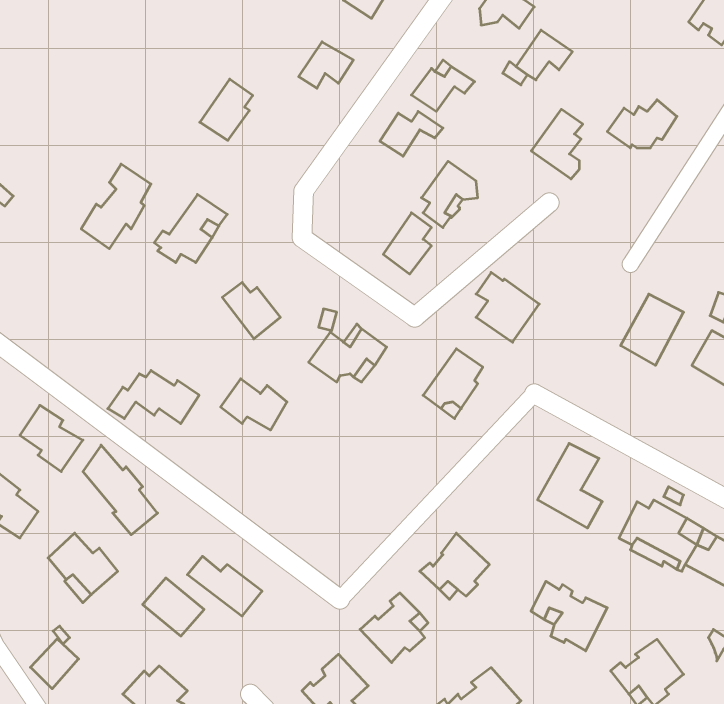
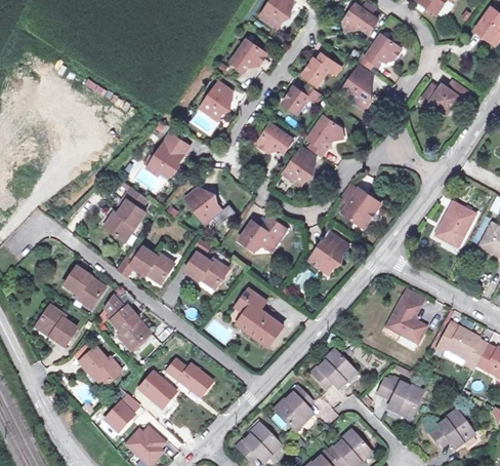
building: [200,79,253,140] -> [201,82,234,120]
building: [531,109,583,179] -> [343,66,375,109]
building: [81,164,151,249] -> [103,187,147,239]
building: none -> [258,124,292,152]
building: none -> [240,288,289,341]
building: [30,639,79,689] -> [103,402,133,433]

